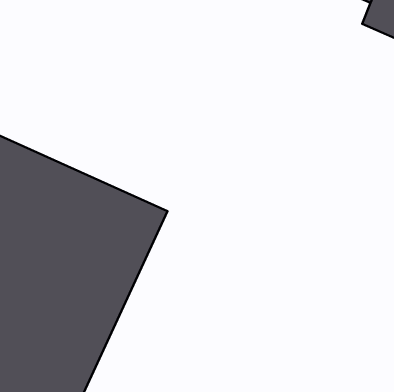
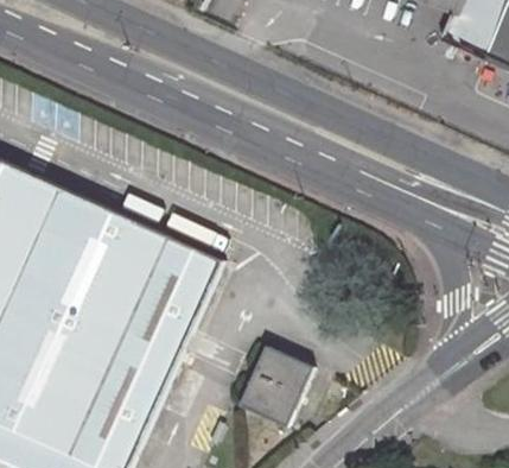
building: none -> [238,348,313,429]

